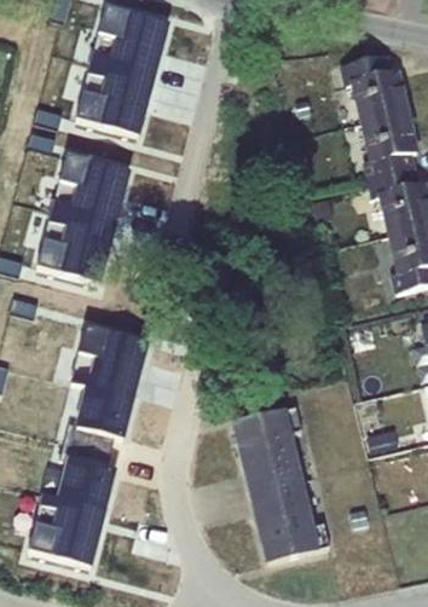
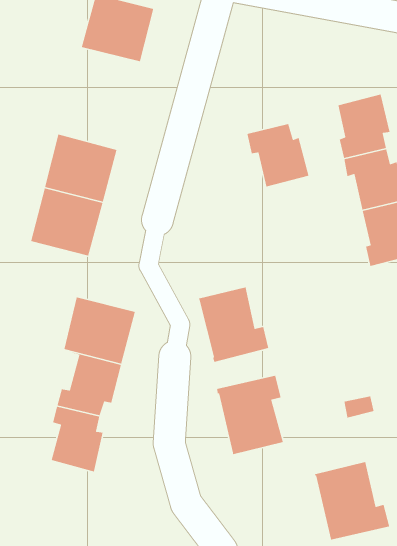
building: [340,53,406,121] -> [246,123,310,188]
building: [75,60,152,133] -> none
building: none -> [198,287,269,363]
building: [249,476,329,560] -> [314,461,390,541]
building: [28,491,104,563] -> none

